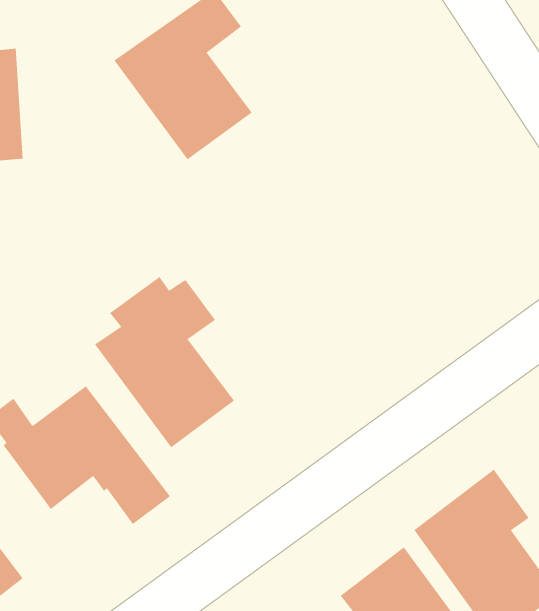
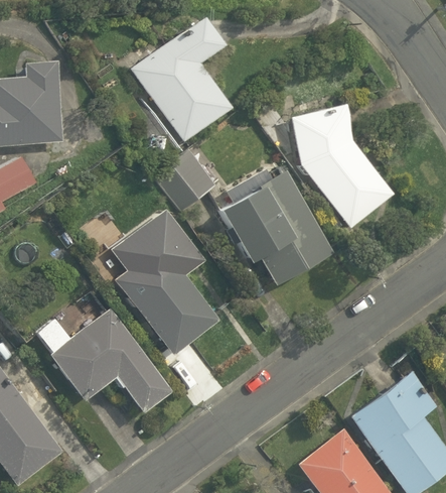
building: none -> [291,102,395,229]
building: none -> [155,150,215,211]
building: none -> [220,169,334,285]

